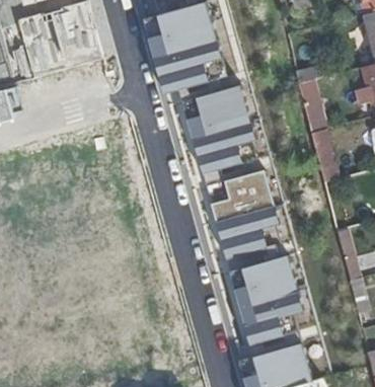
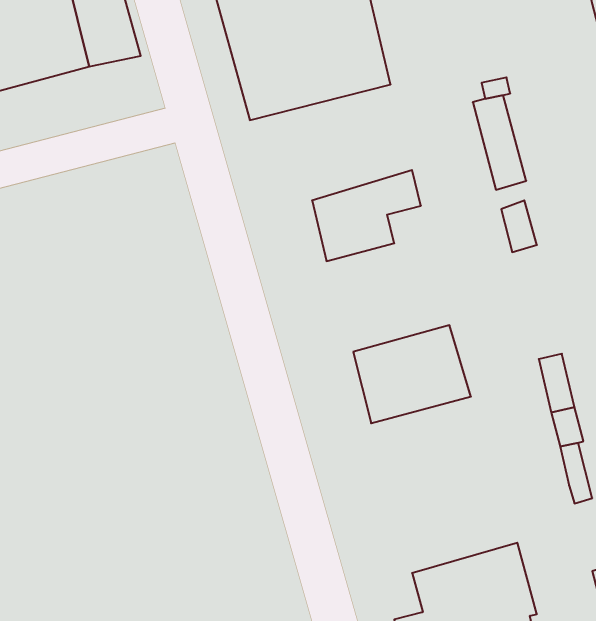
building: [192,85,254,139] -> none
building: [217,170,276,225] -> none
building: [238,254,314,347] -> none

